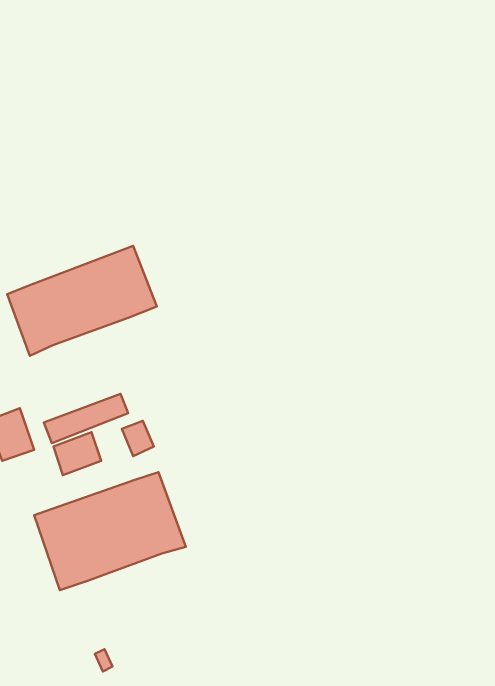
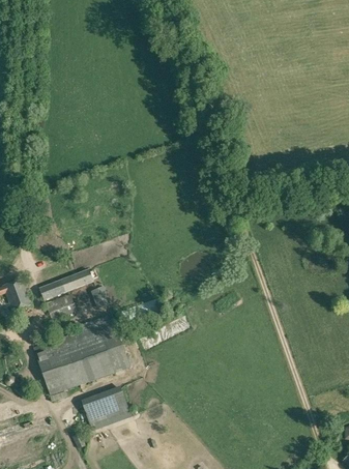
building: [7,246,157,356] -> none
building: none -> [81,386,128,424]

